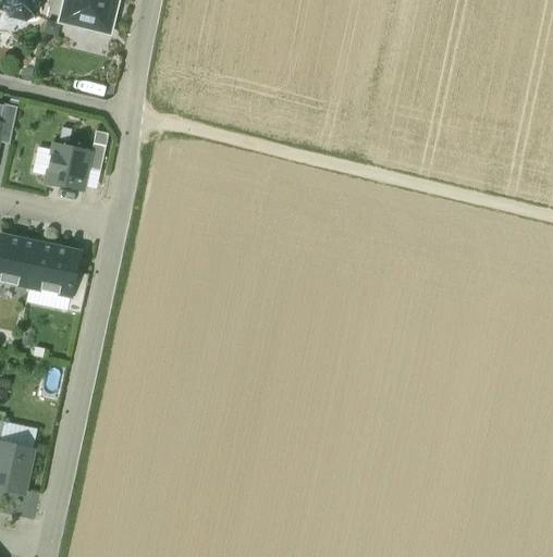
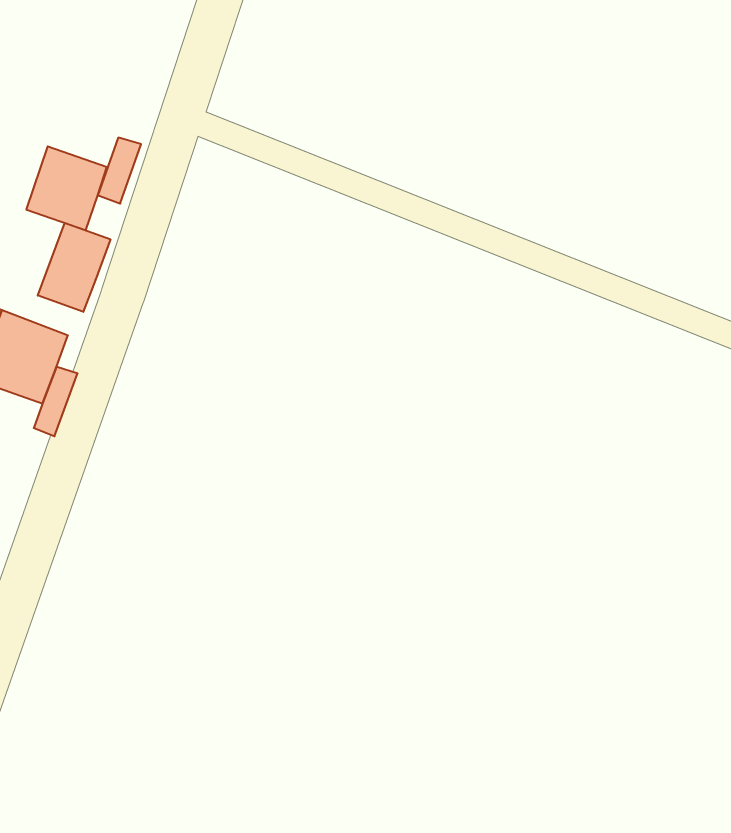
building: none -> [38,223,110,312]

